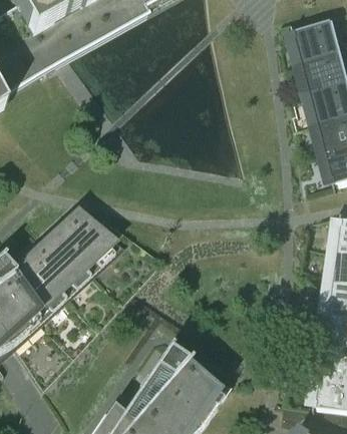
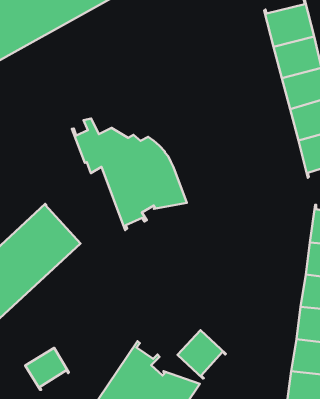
building: none -> [72,119,187,230]
building: none -> [178,330,226,378]
building: none -> [25,348,69,390]

